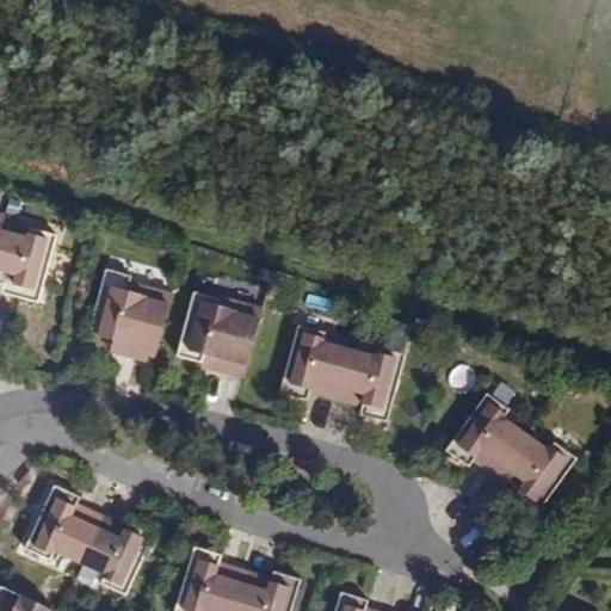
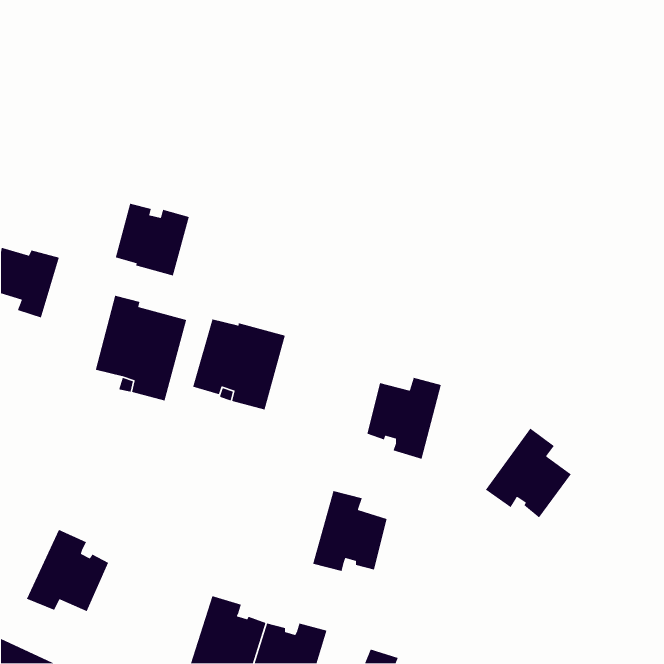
building: none -> [115,203,190,276]
building: [279,325,348,400] -> [312,490,388,572]
building: [495,436,576,516] -> none
building: [80,517,155,597] -> none

